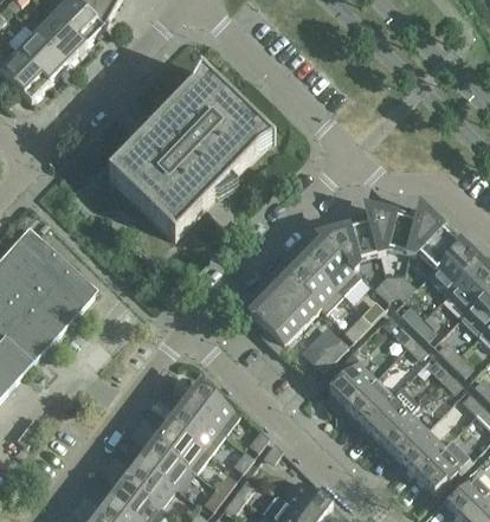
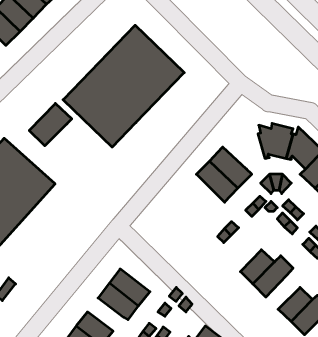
building: none -> [29,103,72,146]
building: [316,220,378,268] -> none
building: [247,275,317,349] -> none
building: [325,353,373,406] -> none
building: [182,381,238,433] -> none
building: [379,411,425,457] -> none
building: [138,442,187,486] -> none

